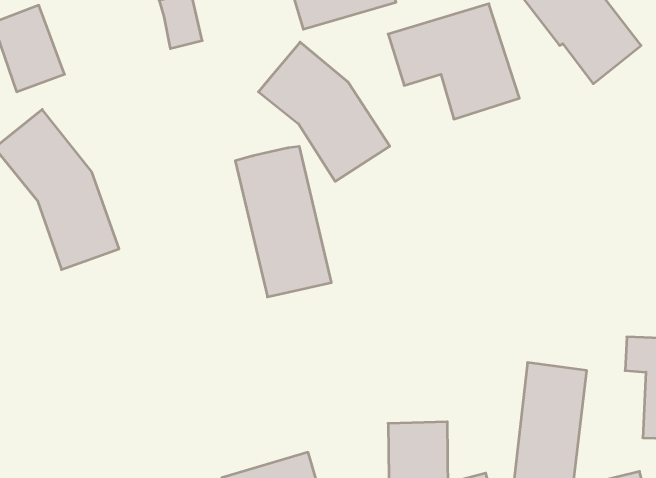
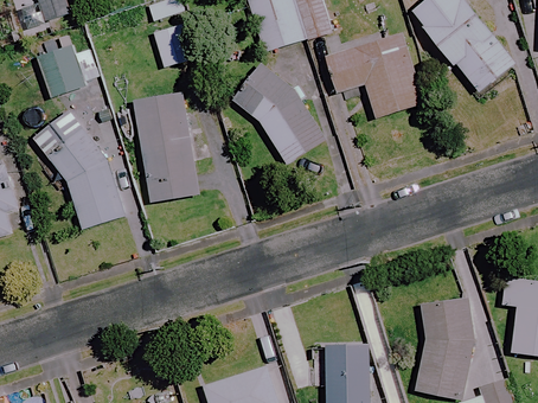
building: [235,146,331,297] -> [130,91,201,203]

